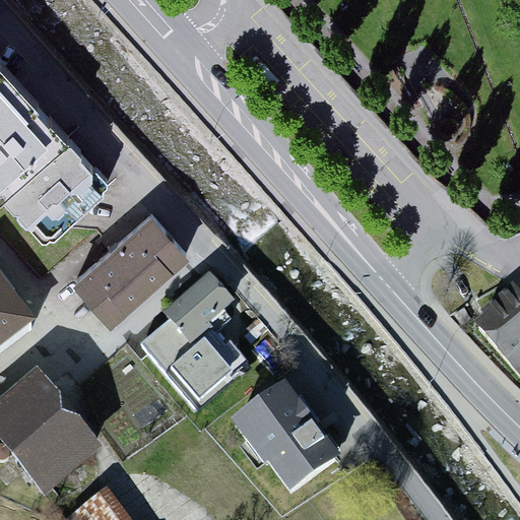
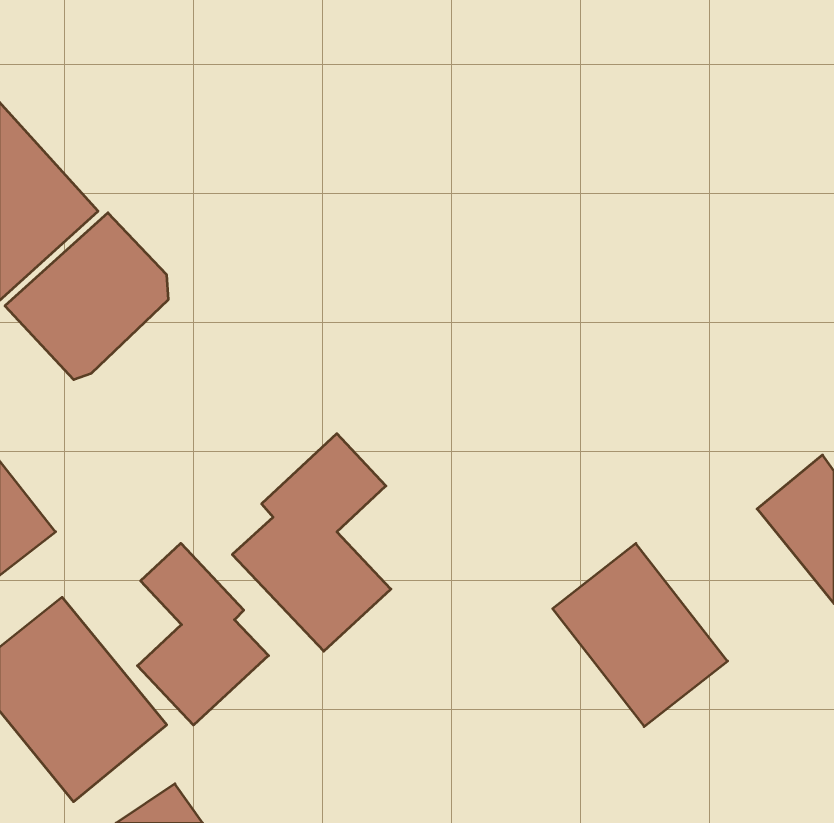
building: [76,208,190,319] -> none
building: none -> [137,543,269,725]
building: [235,385,343,499] -> [553,543,728,727]

